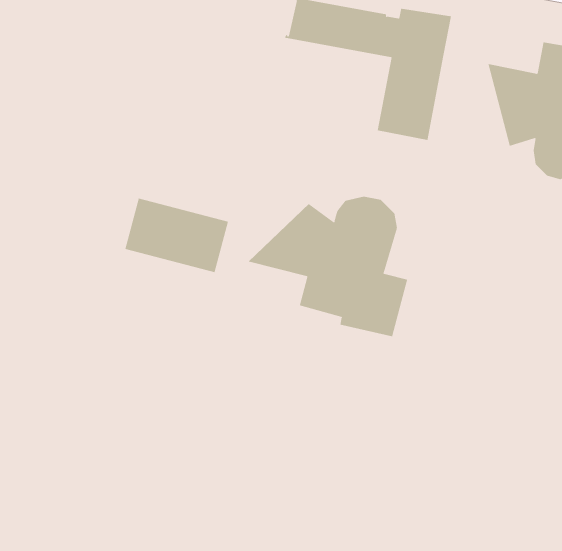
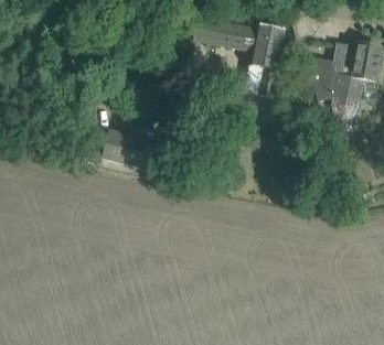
building: [248,196,408,337] -> none

